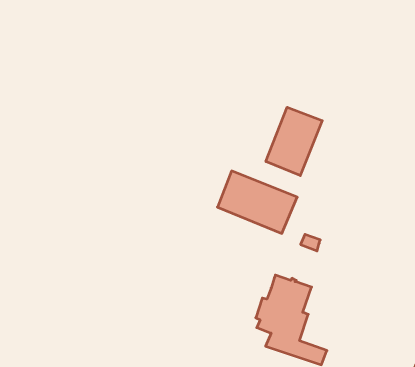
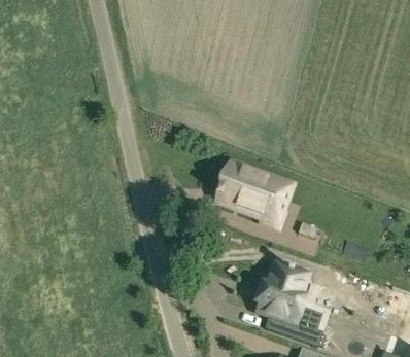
building: [266,107,322,176] -> none

